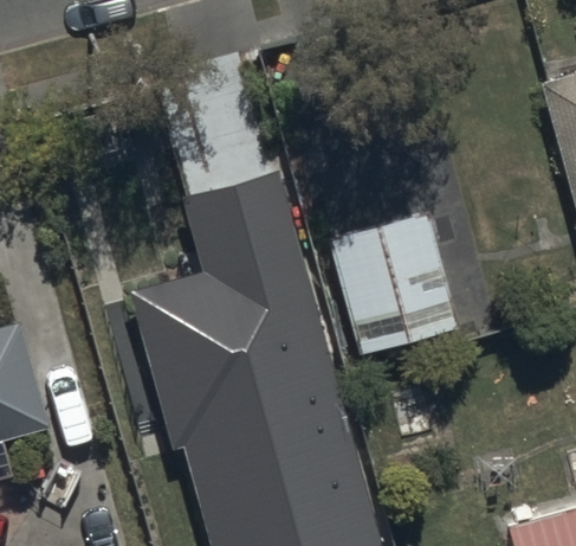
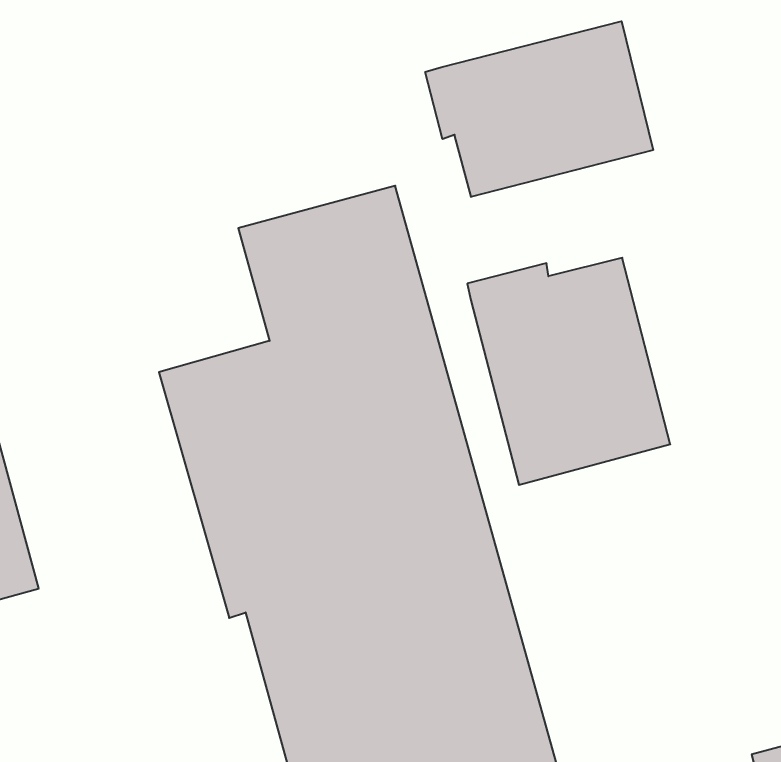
building: none -> [425,21,653,197]

